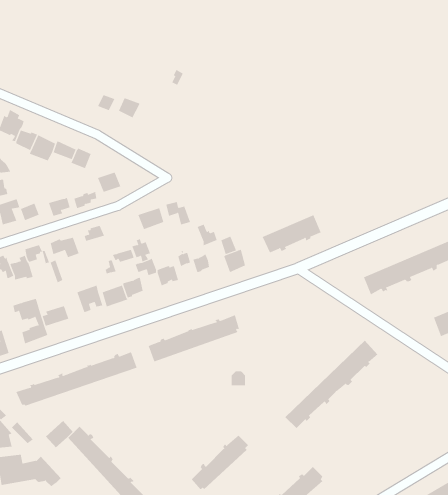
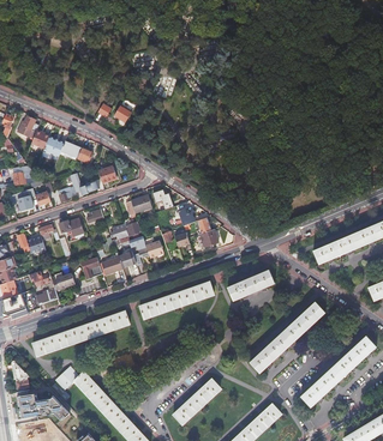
building: [262,215,321,253] -> [226,268,274,300]
building: none -> [300,336,376,407]

